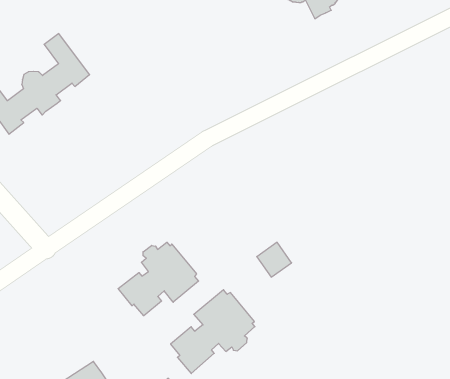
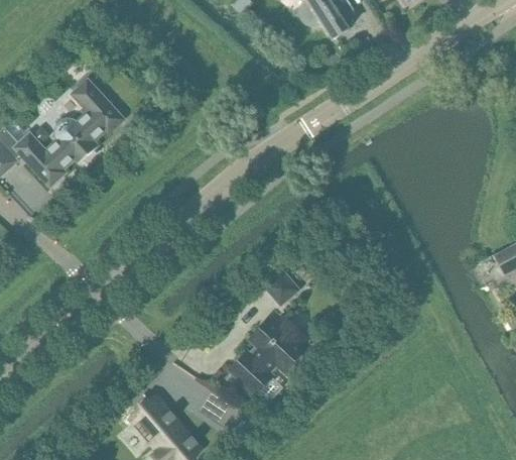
building: [118,242,199,316] -> none
building: [257,242,292,277] -> [264,269,298,304]

